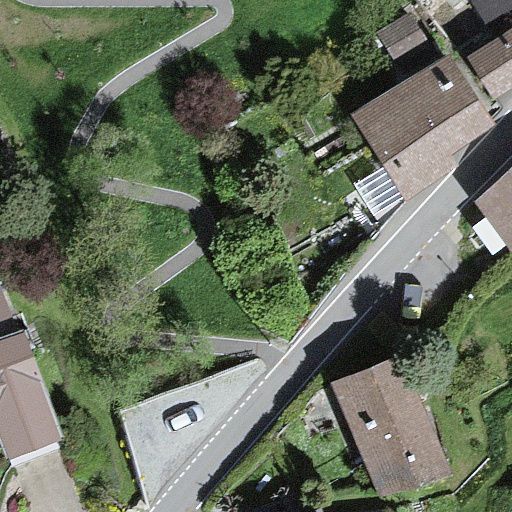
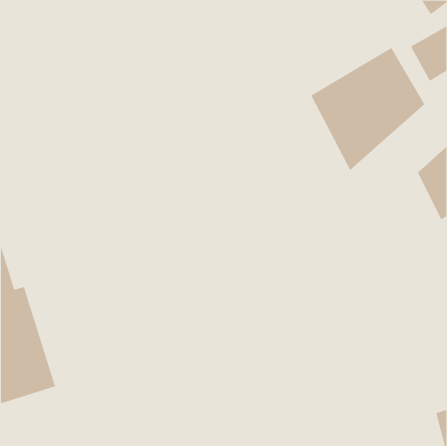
building: [332,358,440,493] -> none

